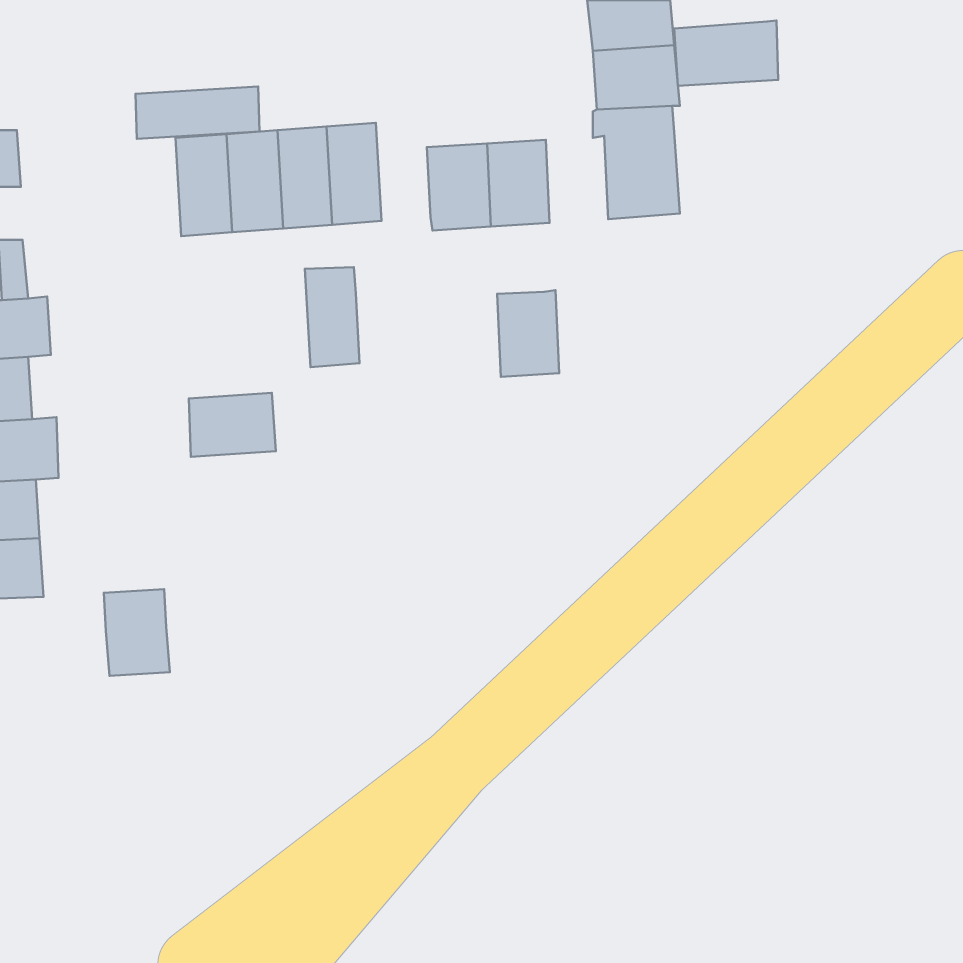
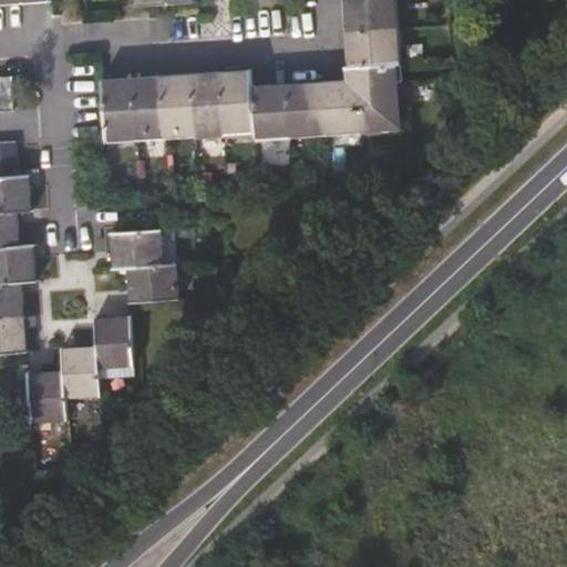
building: [674,20,778,86] -> none
building: [135,87,259,139] -> none
building: [305,267,360,367] -> [220,72,252,131]
building: [497,290,559,377] -> [320,81,357,132]
building: none -> [126,265,178,302]
building: none -> [94,317,132,369]
building: none -> [28,371,65,422]

